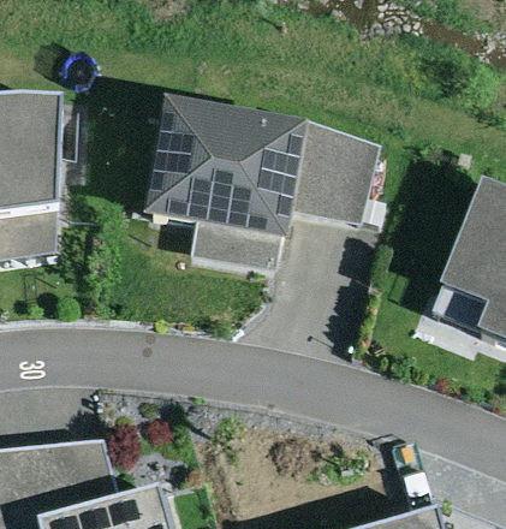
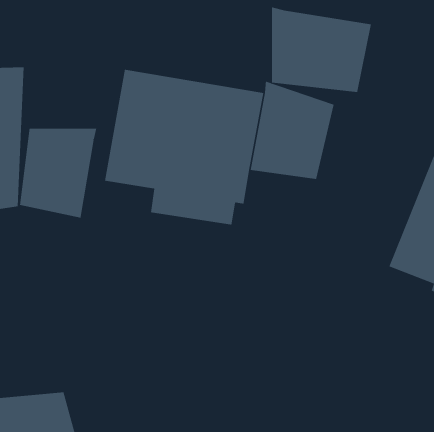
building: none -> [271,7,372,93]
building: none -> [20,128,97,218]

